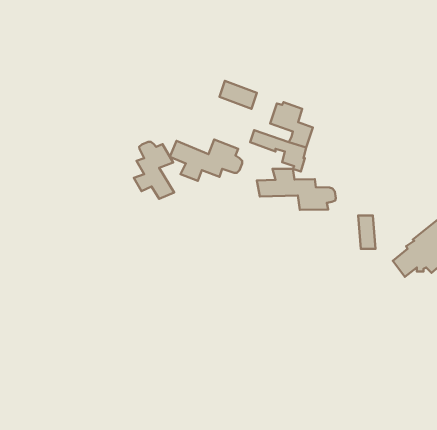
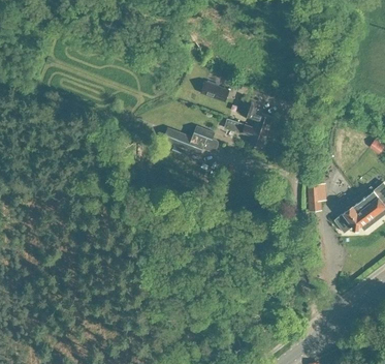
building: [134,142,174,199] -> none
building: [257,169,336,210] -> none

